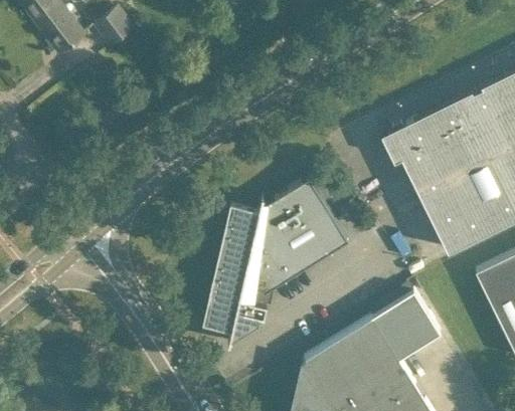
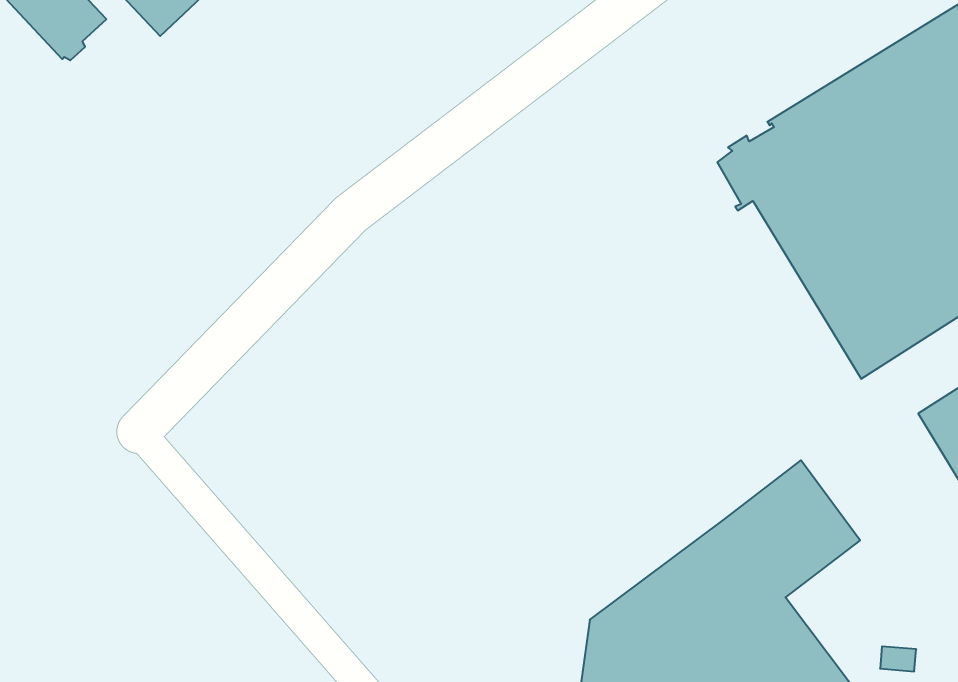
building: [203,179,347,347] -> none

